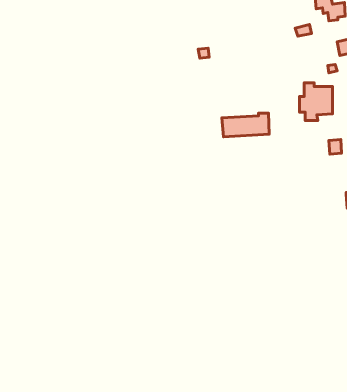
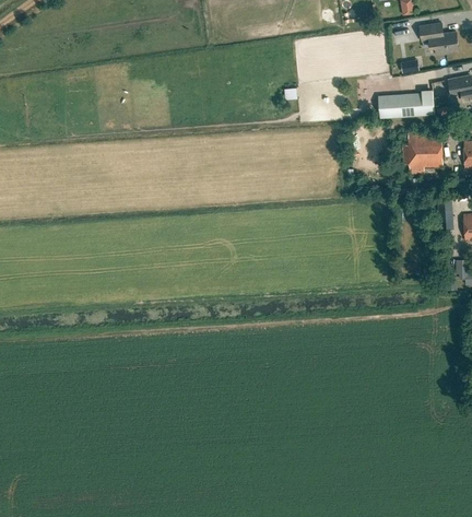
building: [222,113,269,137] -> [378,90,435,118]

